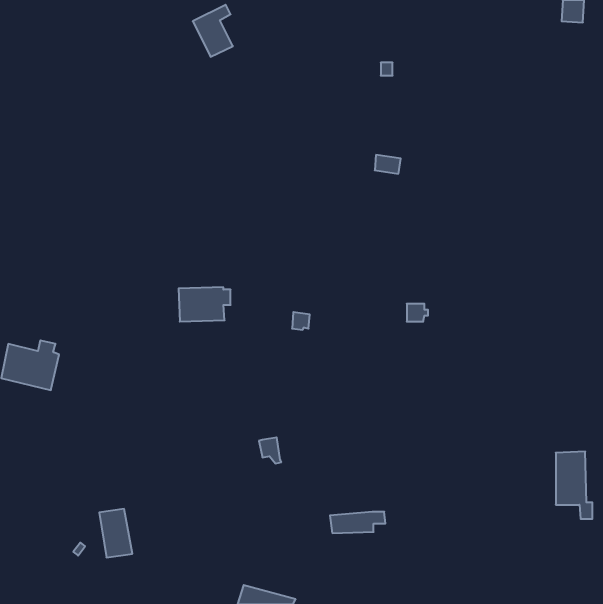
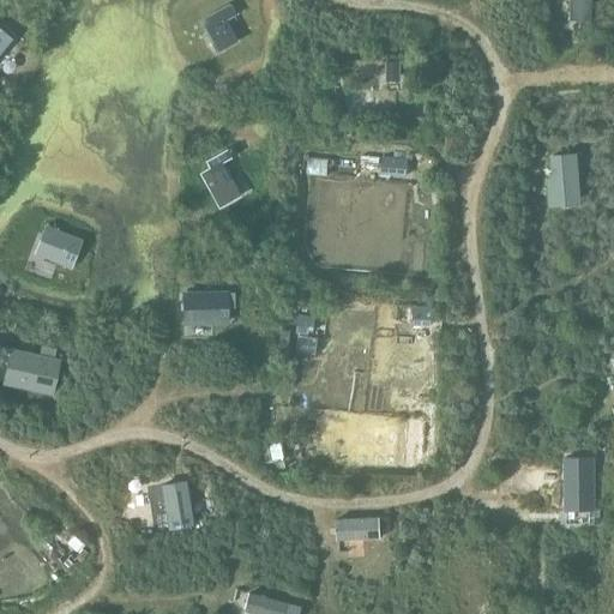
building: none -> [199,149,240,210]
building: none -> [548,154,582,200]
building: none -> [35,225,82,267]
building: [99,509,132,557] -> [161,482,194,531]

